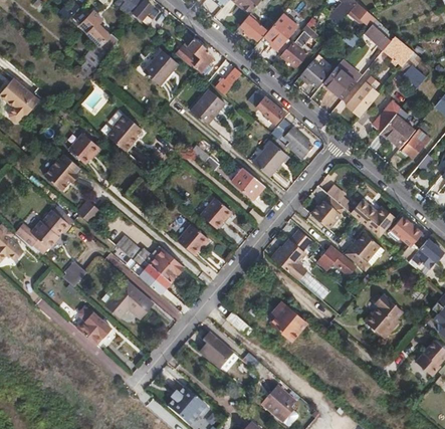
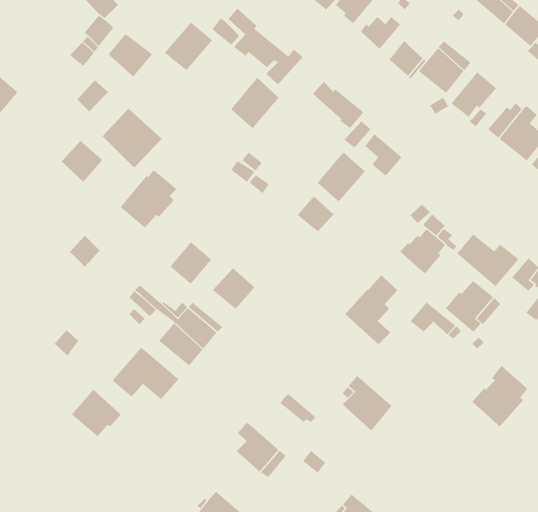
building: none -> [107,33,153,77]
building: [41,154,82,196] -> [120,169,177,228]
building: [201,196,231,227] -> [170,241,212,285]
building: [31,207,72,251] -> none

